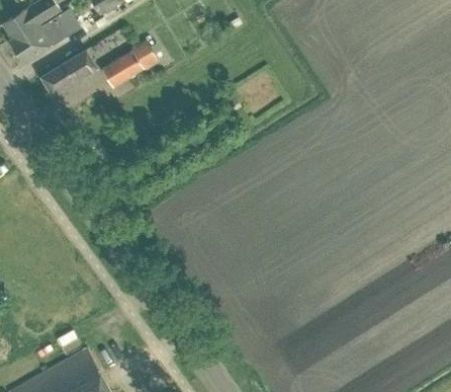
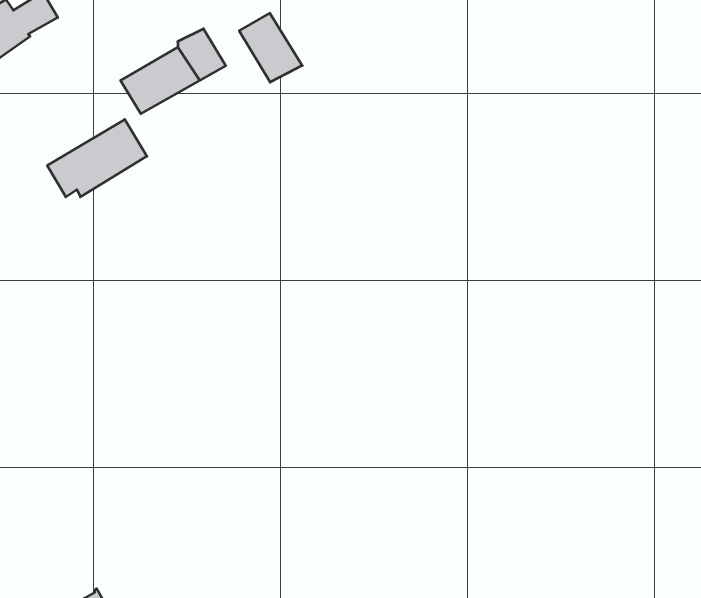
building: none -> [239,13,302,82]
building: [42,52,97,94] -> [47,119,147,197]

